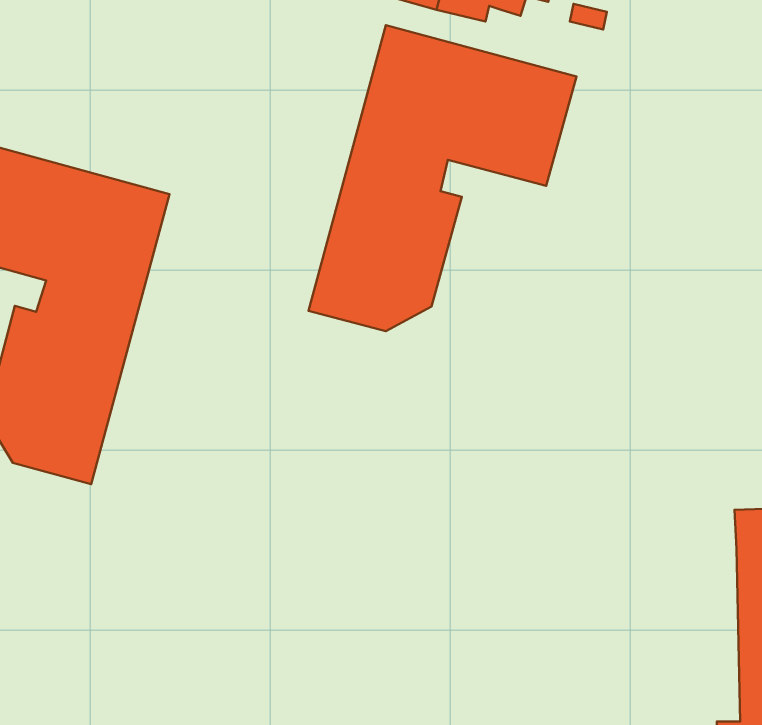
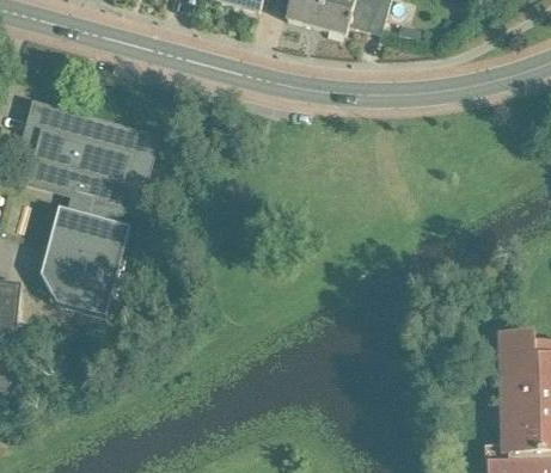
building: [309,25,577,331] -> none

